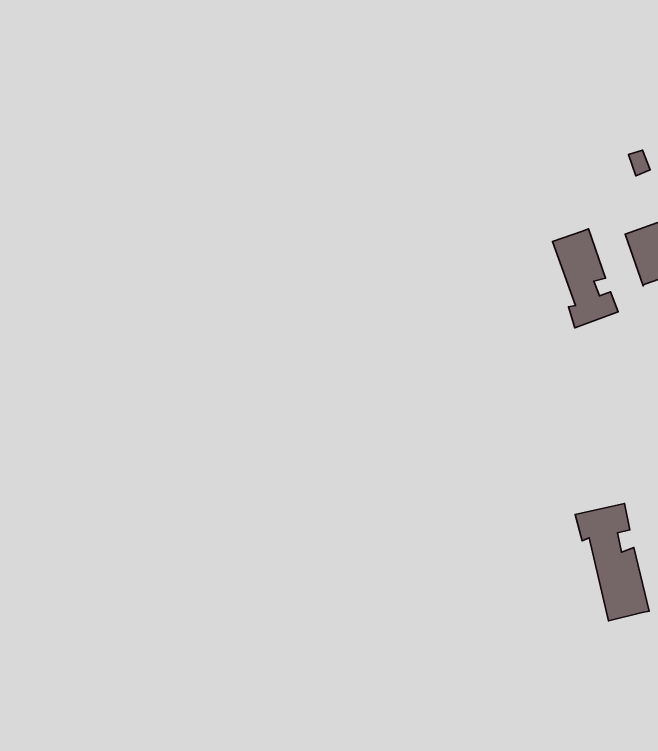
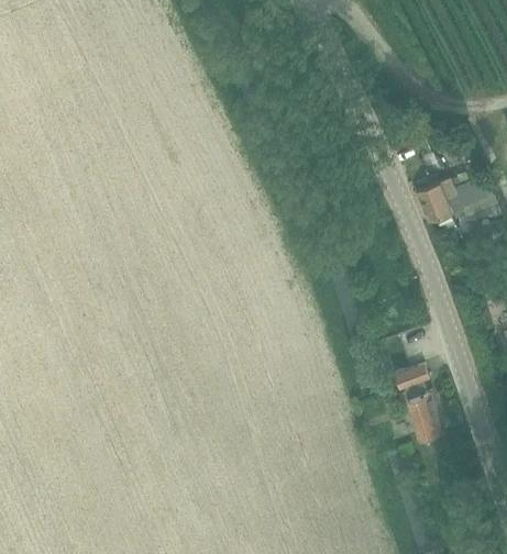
building: [553,229,618,328] -> none

